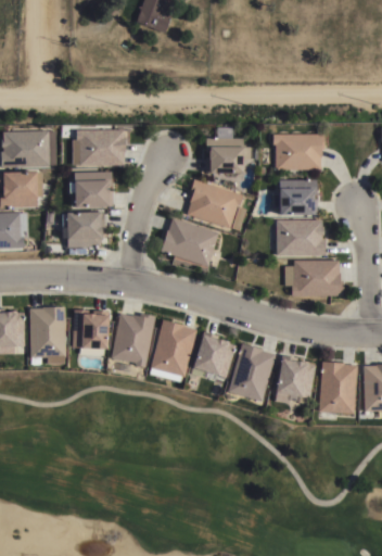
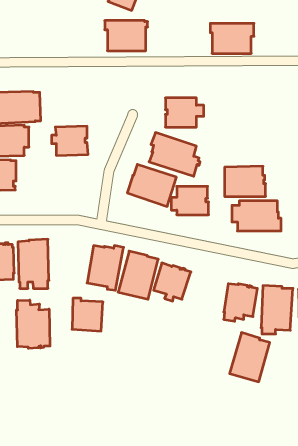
building: [76,129,127,165] -> [105,21,148,51]
building: [272,134,324,169] -> [210,23,254,53]
building: [272,180,317,214] -> [171,186,209,215]
building: [62,211,109,248] -> none
building: [73,311,110,350] -> [72,298,103,331]
building: [227,343,275,402] -> [230,333,270,382]
building: none -> [17,300,50,348]

